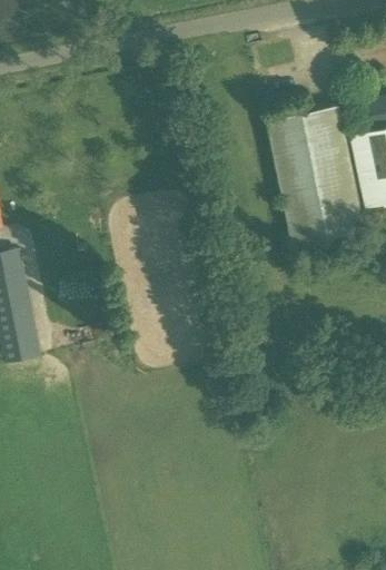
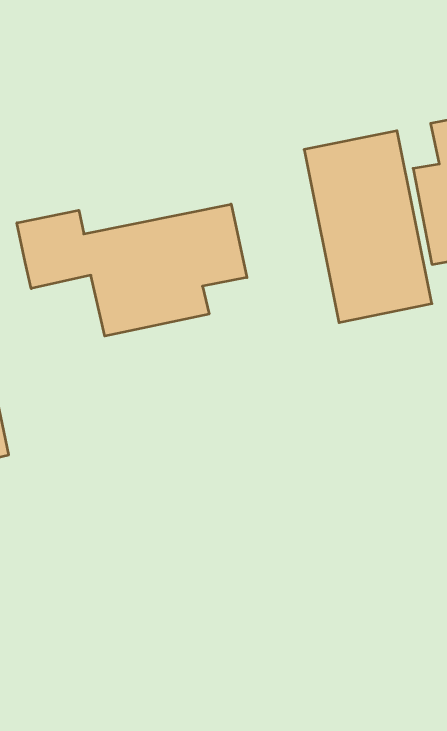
building: none -> [17,204,247,336]

